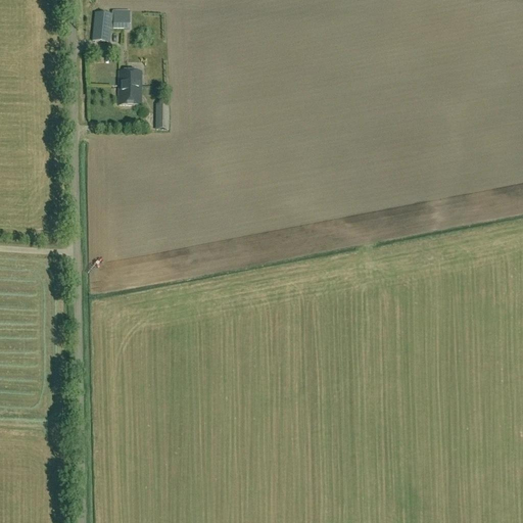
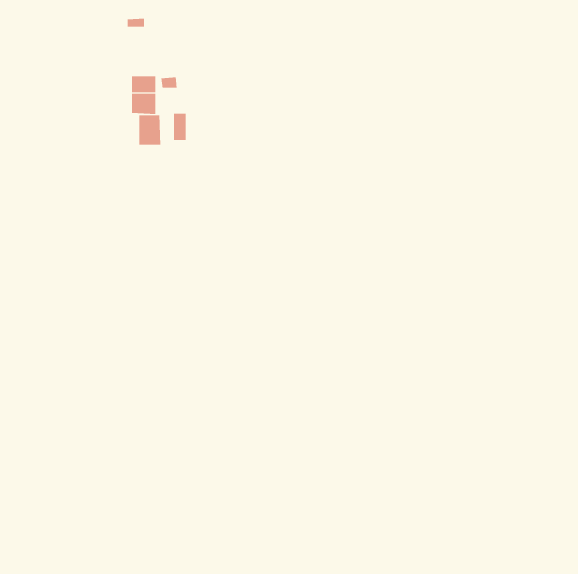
building: [93,9,112,39] -> none
building: none -> [139,114,161,145]

